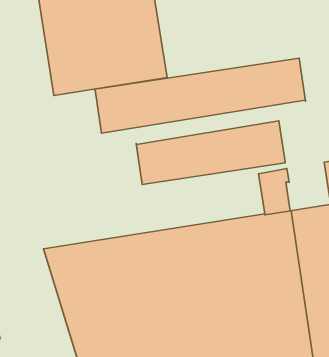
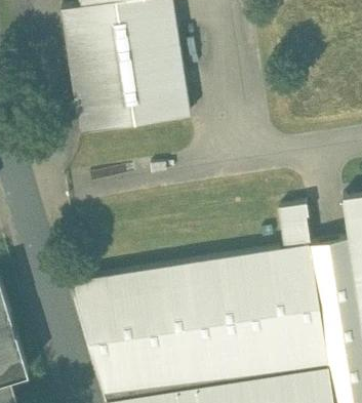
building: [95,58,305,133] -> none
building: [136,121,285,184] -> none

